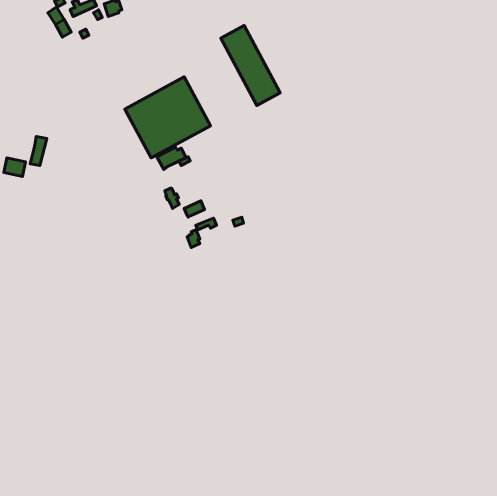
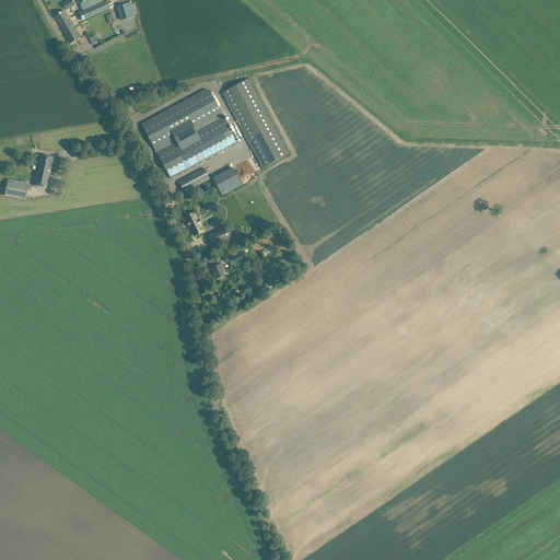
building: [221,26,280,106] -> [221,77,288,166]
building: none -> [213,163,241,192]

